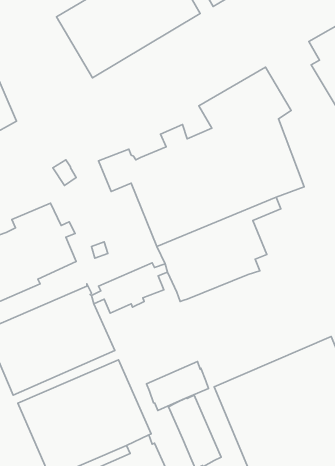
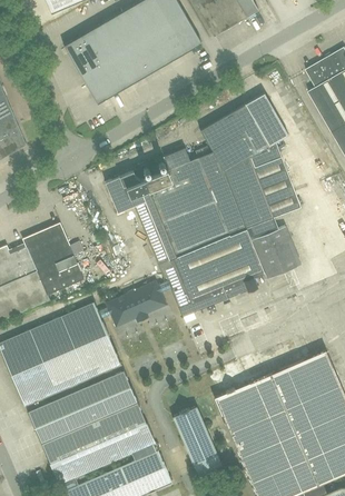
building: none -> [252,226,302,278]
building: [146,362,209,411] -> none

